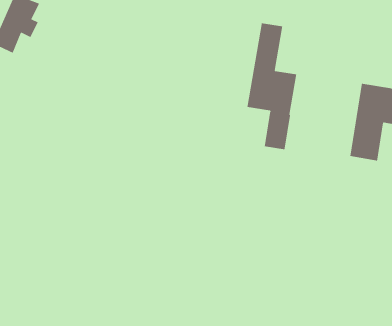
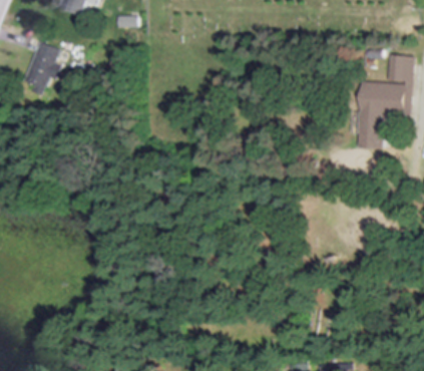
building: [247,22,297,150] -> none

